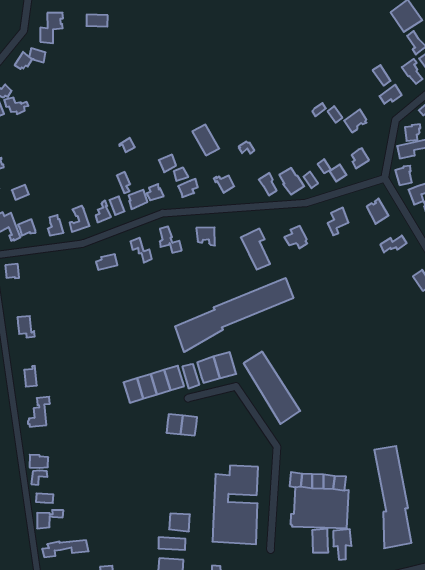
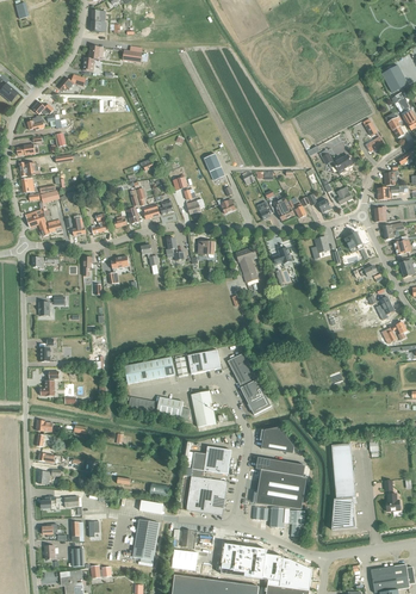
building: [175,278,293,352] -> none
building: none -> [190,389,215,426]
building: none -> [260,426,293,452]

